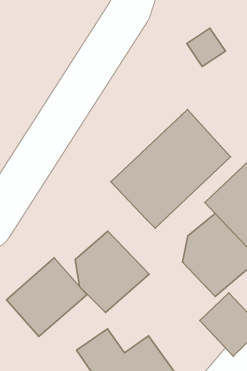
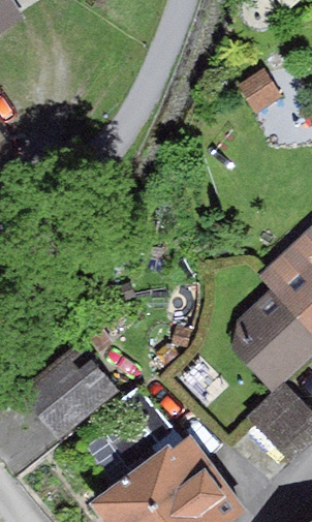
building: [111,110,231,228] -> none
building: [75,231,149,312] -> none

